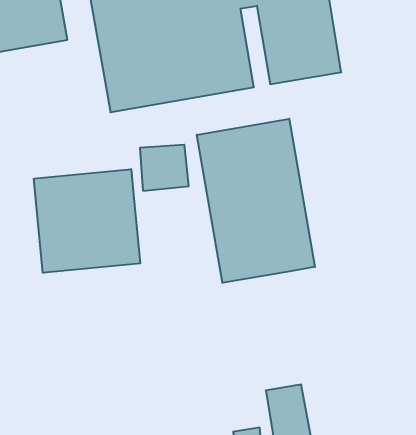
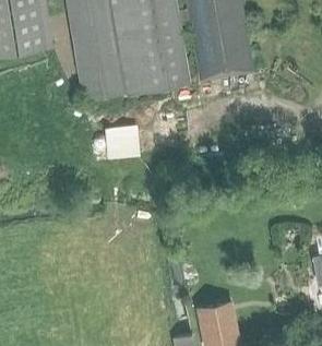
building: [197,119,315,283] -> none
building: [34,169,140,273] -> none

